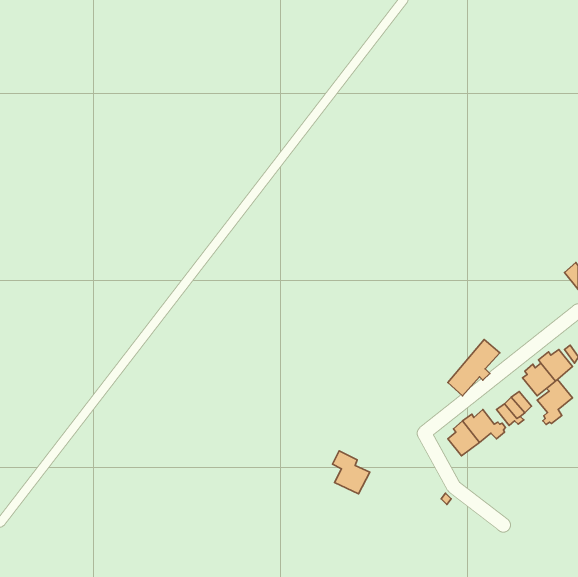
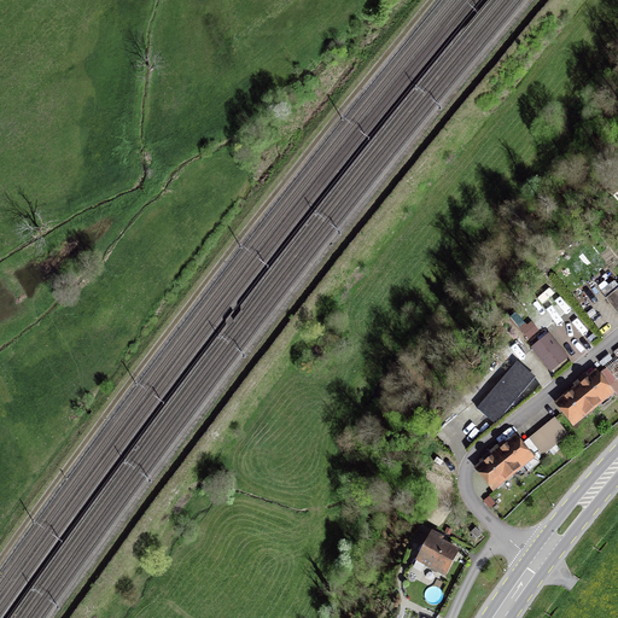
building: none -> [532,334,565,368]
building: [537,379,572,424] -> none
building: [332,451,370,494] -> [415,526,455,572]

